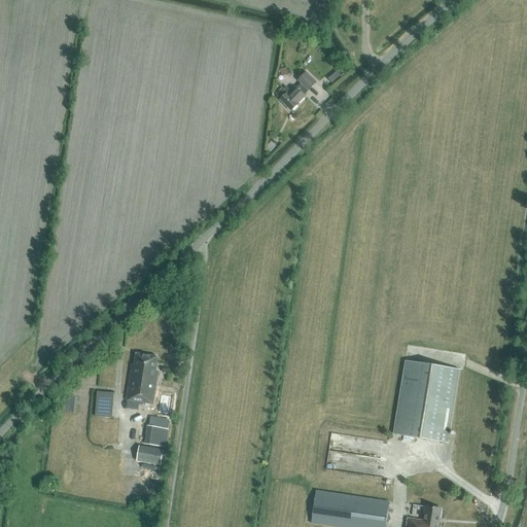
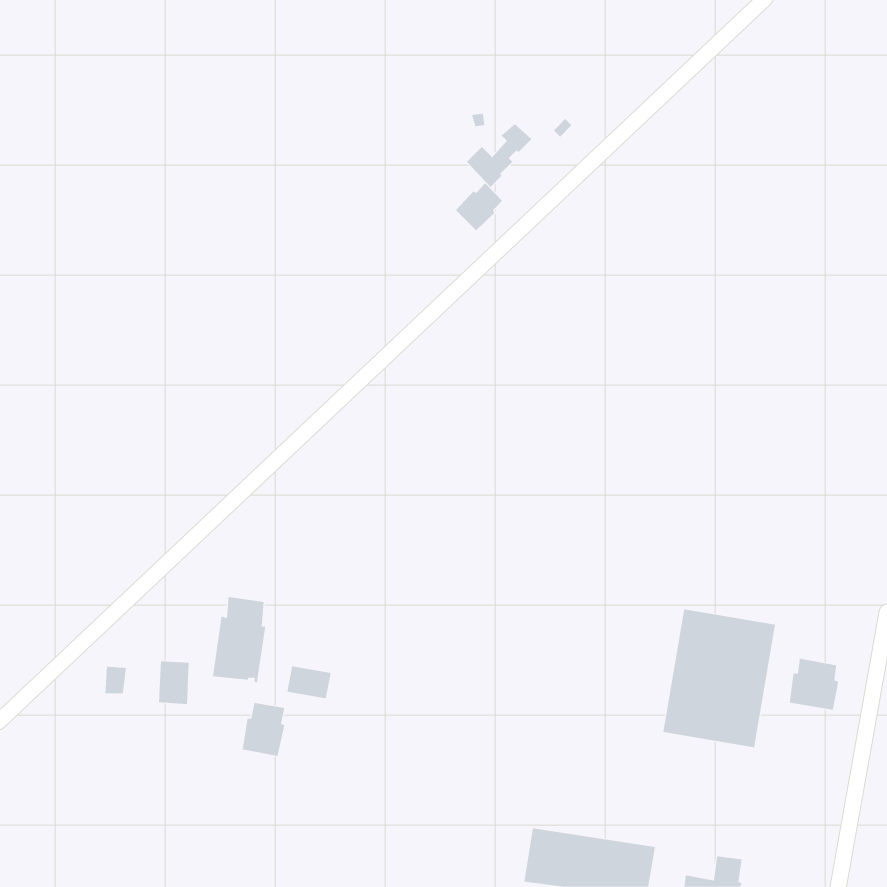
building: none -> [455,182,503,231]
building: none -> [789,658,839,711]
building: [136,445,163,464] -> [286,666,332,699]

